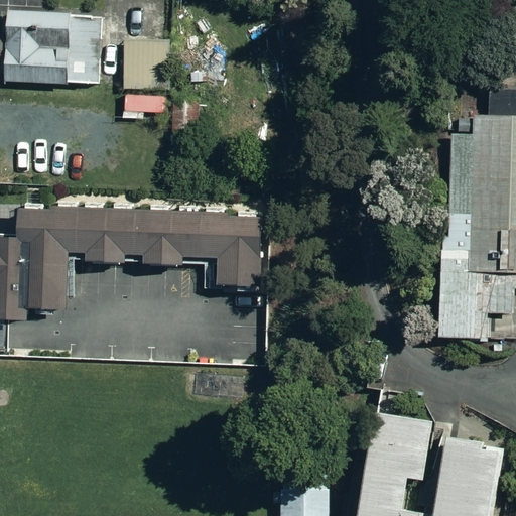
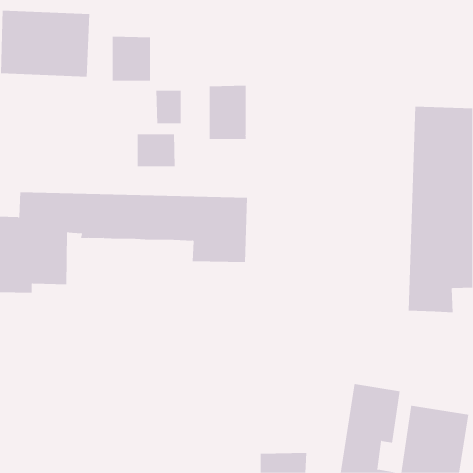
building: none -> [209,85,246,140]
building: none -> [137,133,175,167]

